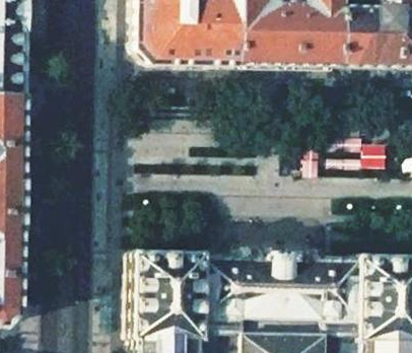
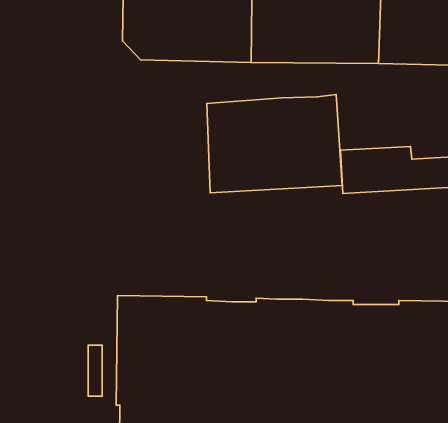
building: none -> [207,95,342,193]

